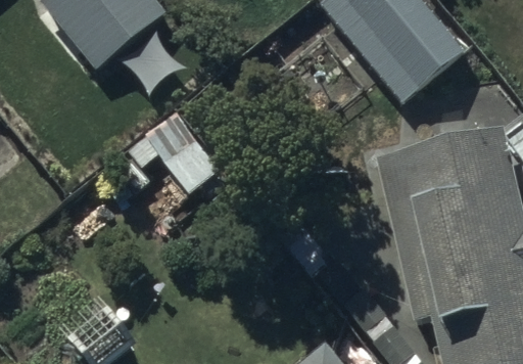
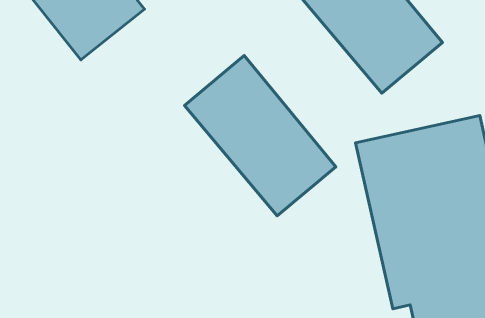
building: none -> [184,55,336,216]

